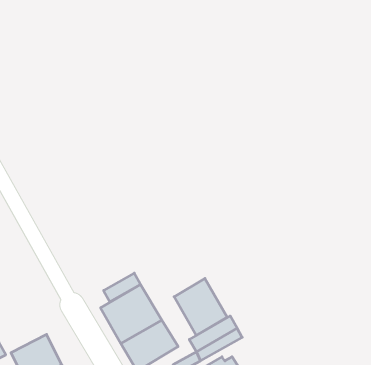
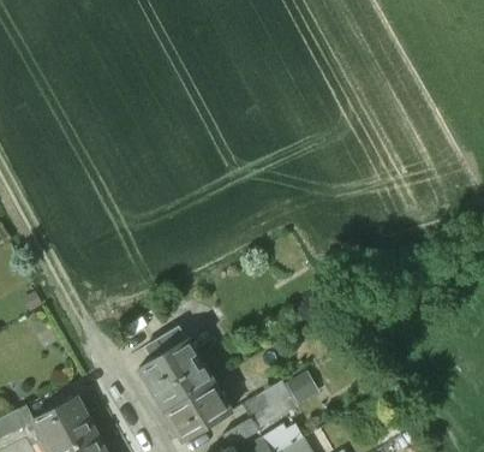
building: [174,278,227,335] -> none

